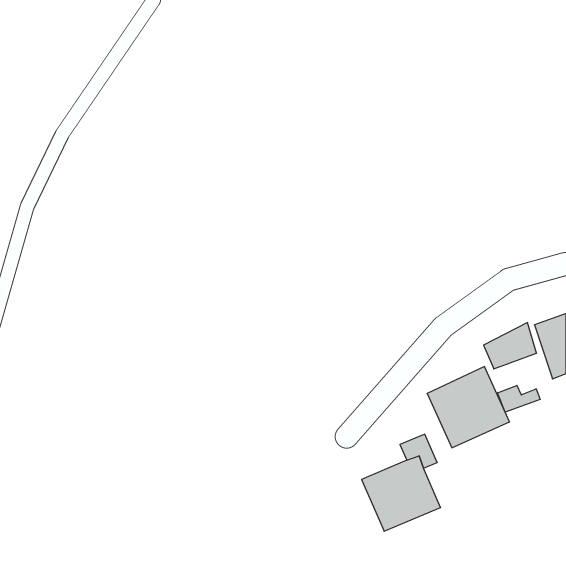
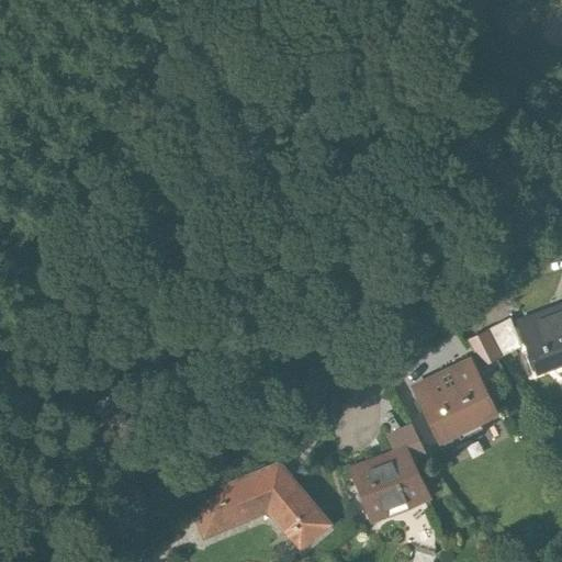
building: [497,385,540,412] -> none
building: none -> [190,464,329,549]

